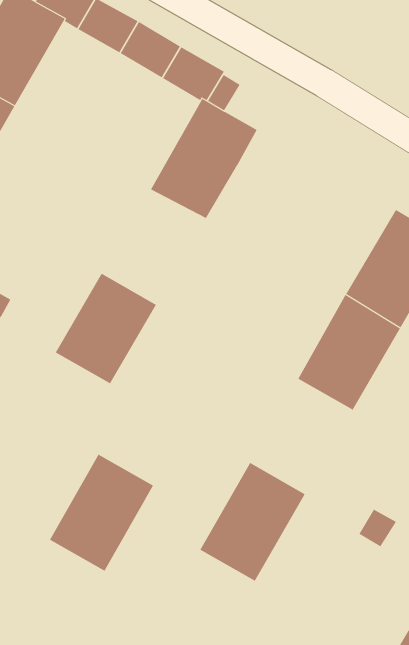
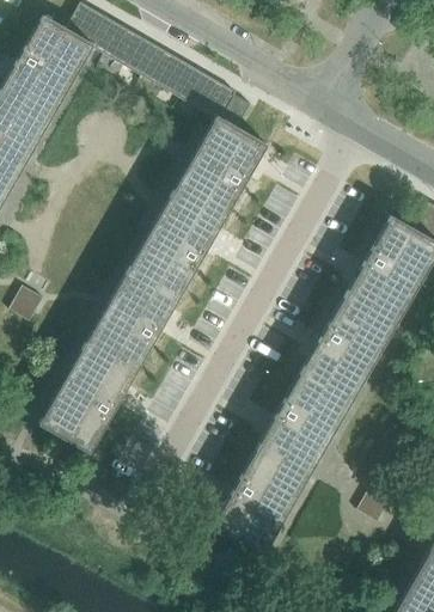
building: none -> [126,198,220,302]
building: none -> [259,369,353,472]
building: [49,454,154,572] -> [39,345,134,452]

